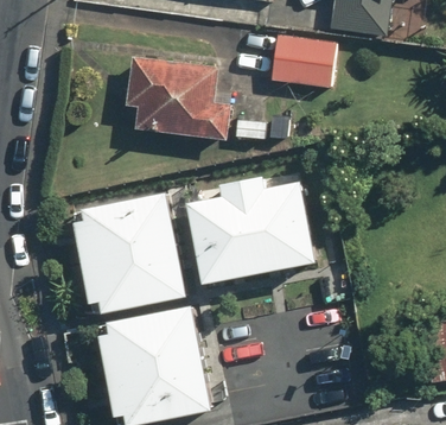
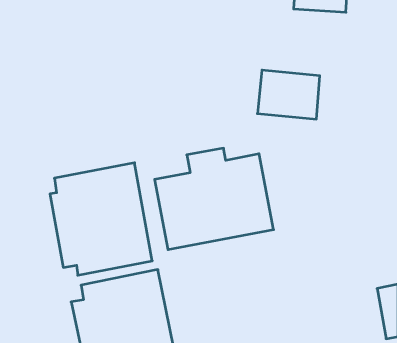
building: [270,34,337,87] -> [257,70,320,119]
building: [127,57,229,139] -> none

